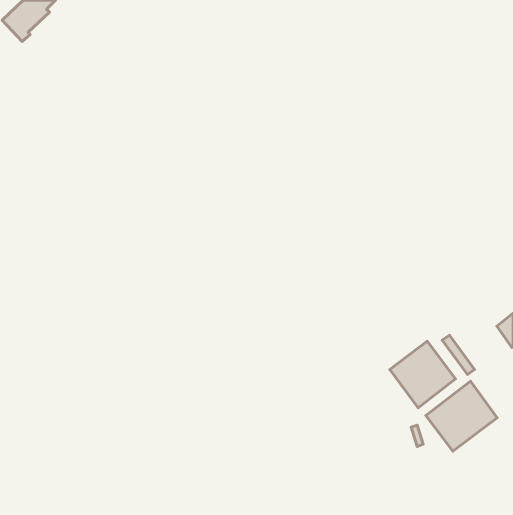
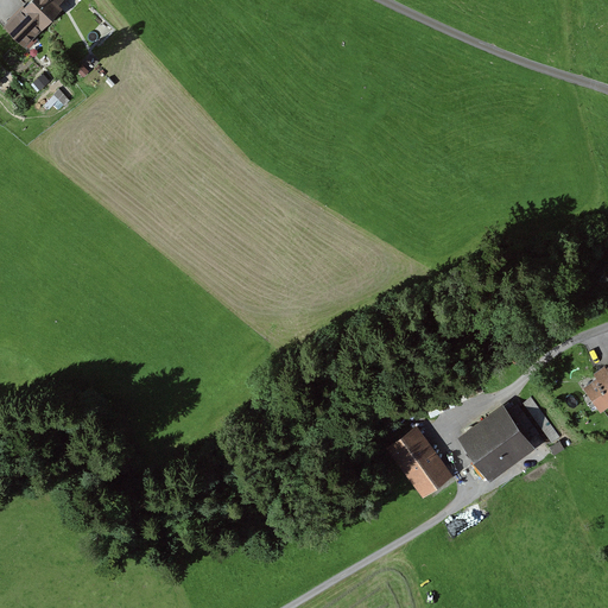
building: none -> [386,426,452,498]
building: [426,381,497,451] -> none

